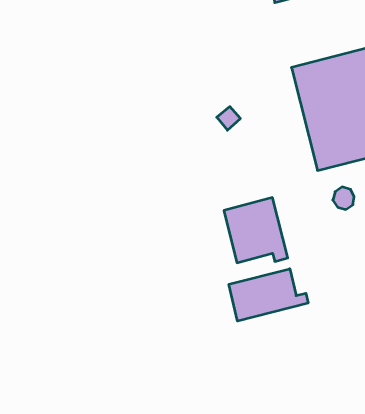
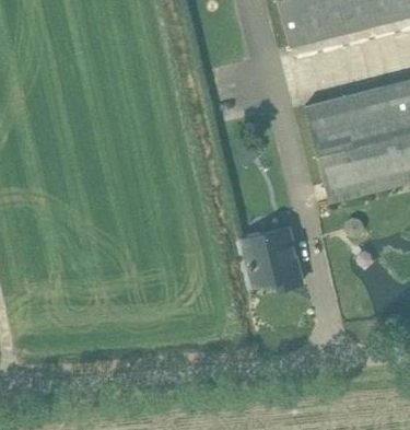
building: [229,269,308,321] -> none

